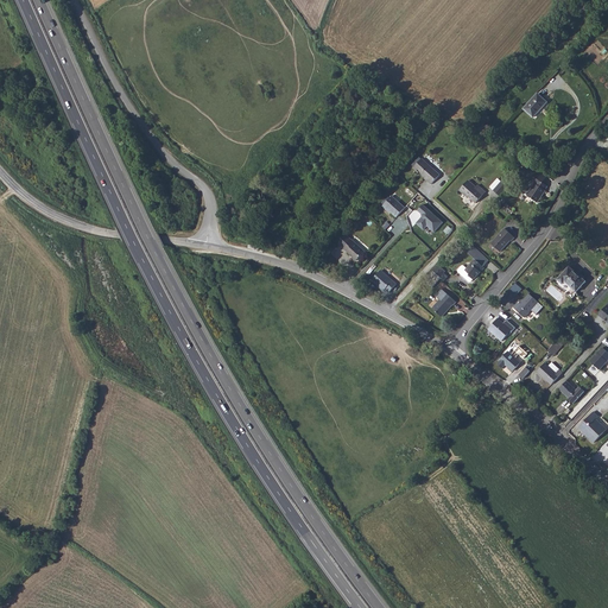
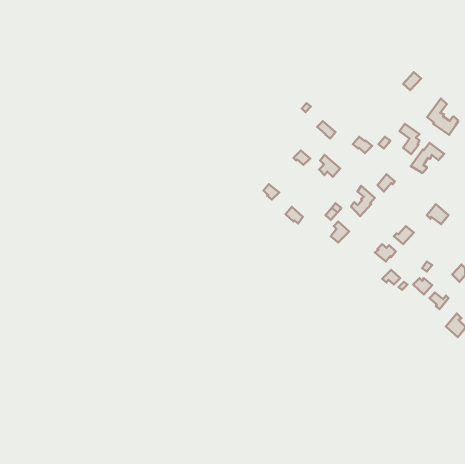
building: none -> [427,99,458,135]
building: none -> [411,143,444,173]

